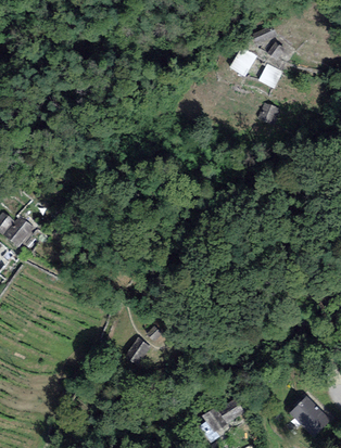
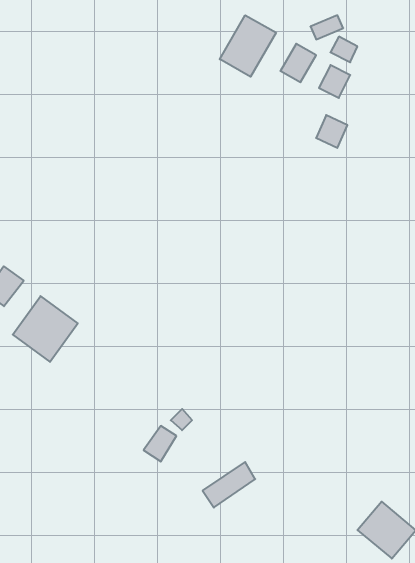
building: none -> [220,15,276,77]
building: none -> [13,296,78,362]
building: [202,400,242,435] -> [203,462,255,508]

